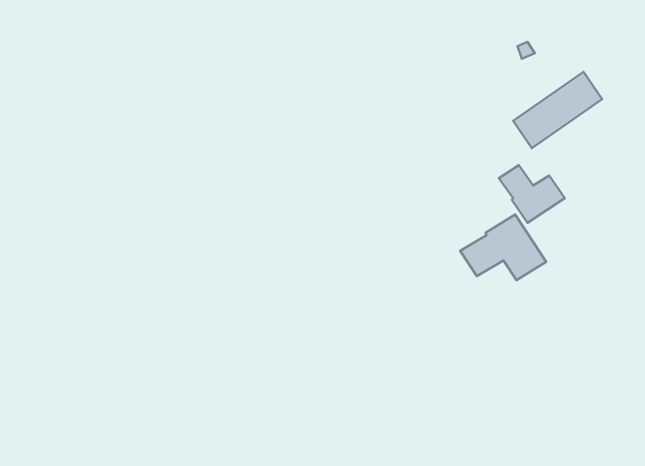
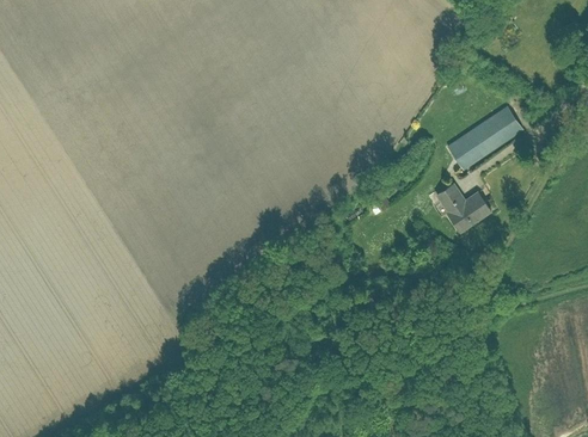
building: [460,214,546,280] -> none

